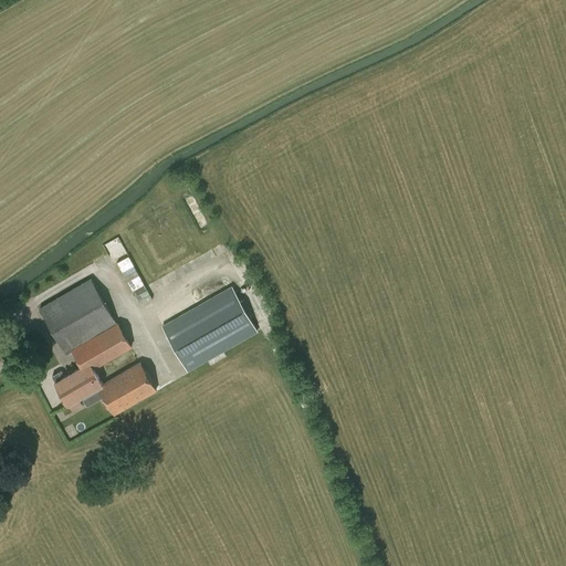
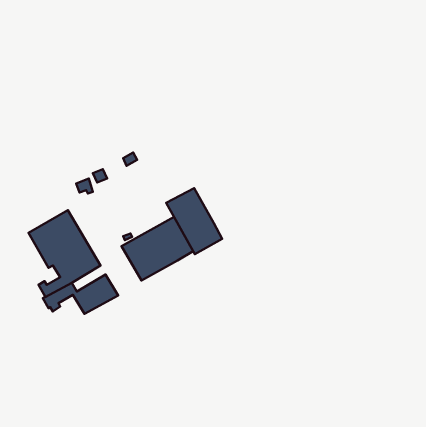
building: none -> [166,188,222,254]

